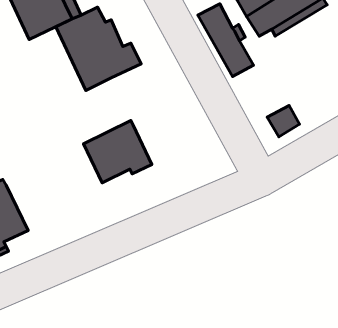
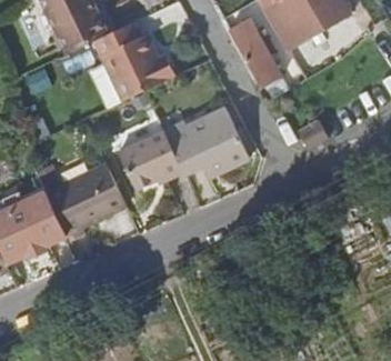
building: none -> [166,104,249,174]
building: none -> [43,162,126,240]

